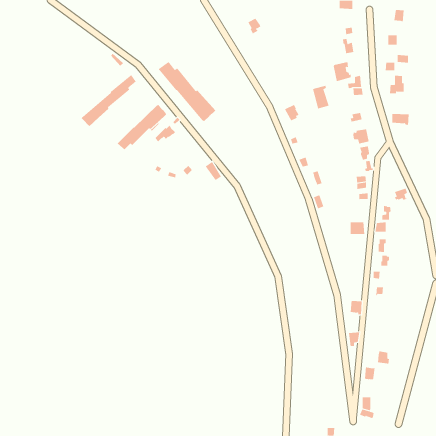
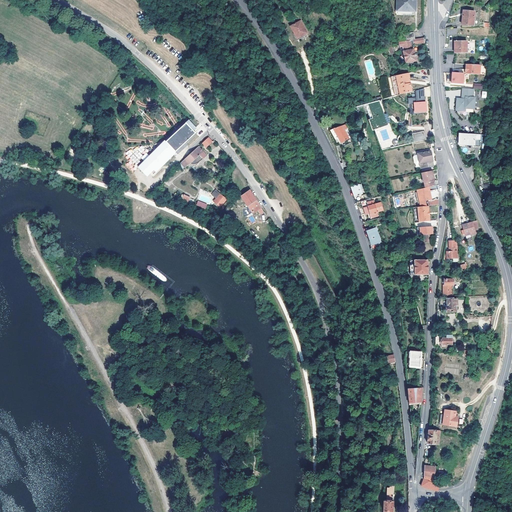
building: [158,61,216,122] -> none
building: [81,74,136,127] -> none

